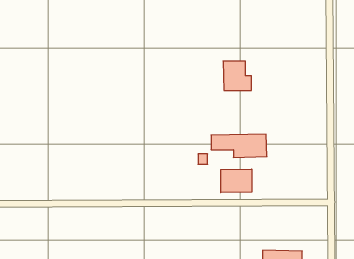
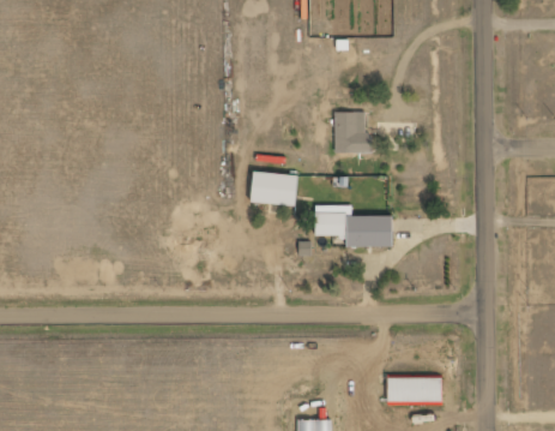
building: none -> [253,172,298,204]
building: [221,169,252,193] -> none

